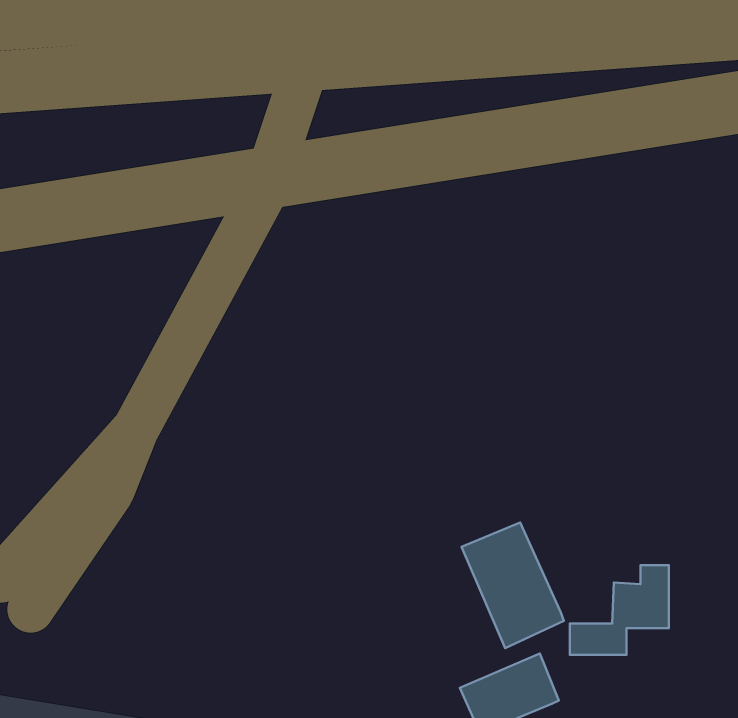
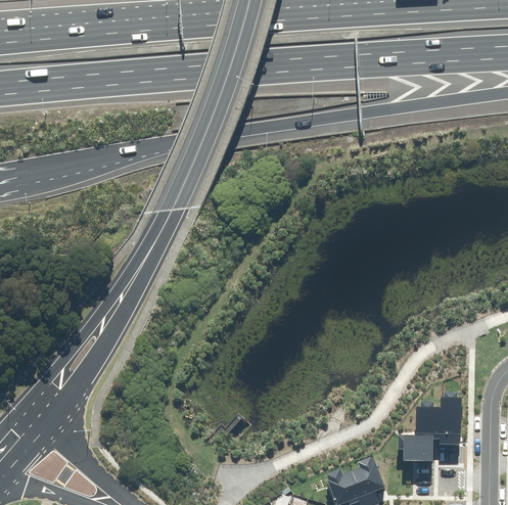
building: [462,523,564,648] -> none

